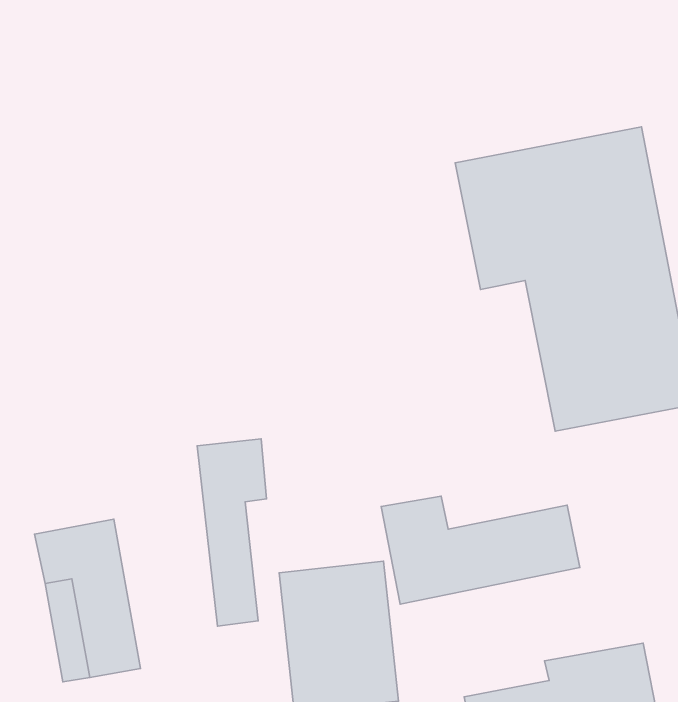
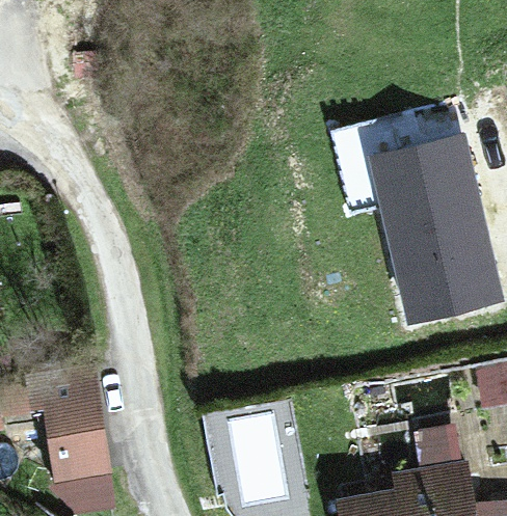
building: [197,439,267,626] -> none
building: [381,496,580,604] -> none

